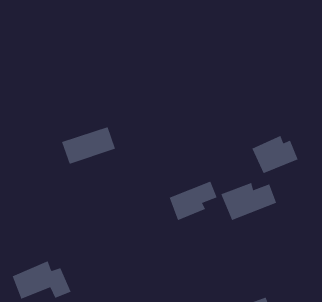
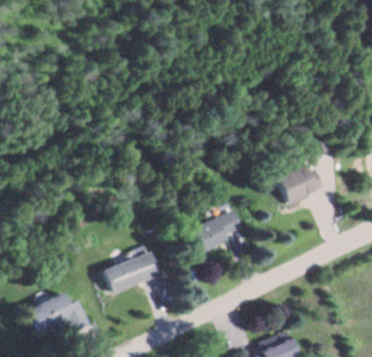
building: [61,126,116,164] -> [103,253,159,292]
building: [221,182,277,221] -> none

